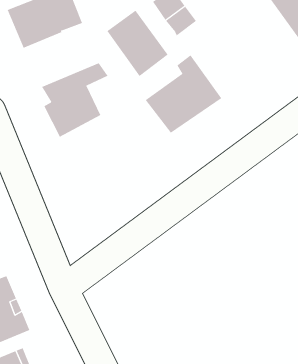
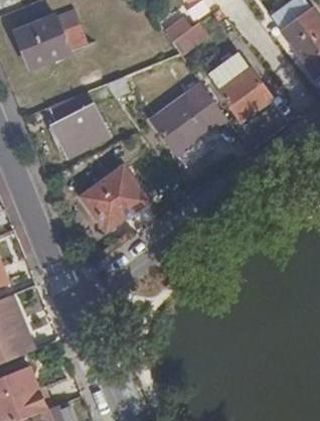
building: [107,10,169,77] -> [208,53,270,120]
building: none -> [81,167,146,231]

